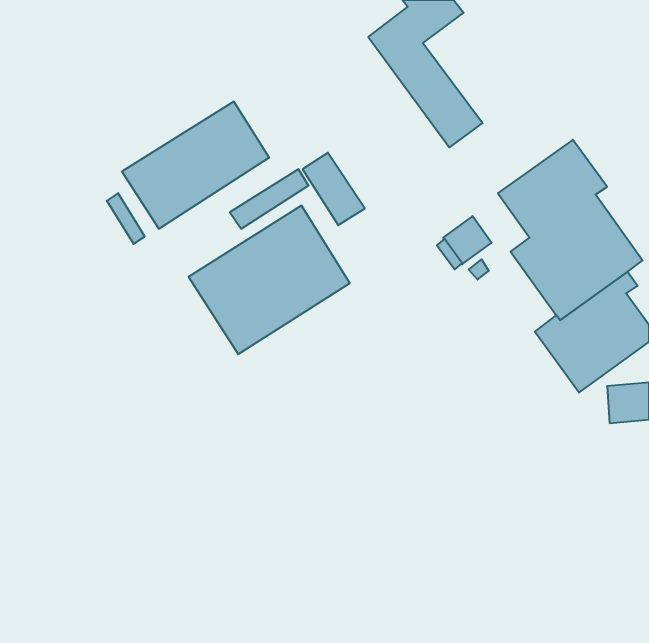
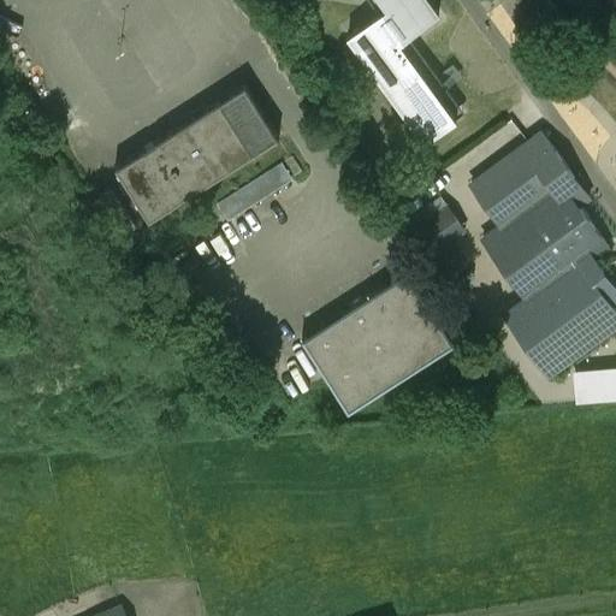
building: [303,153,365,225] -> [221,87,280,155]
building: [189,206,350,354] -> [302,274,455,415]

